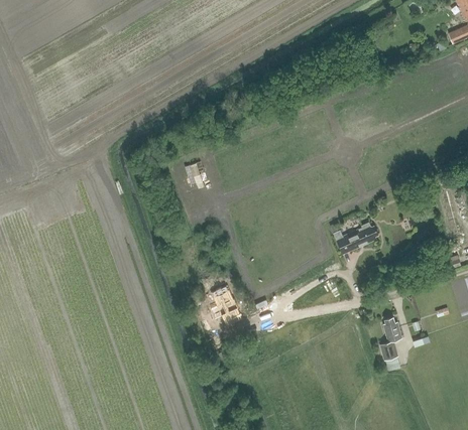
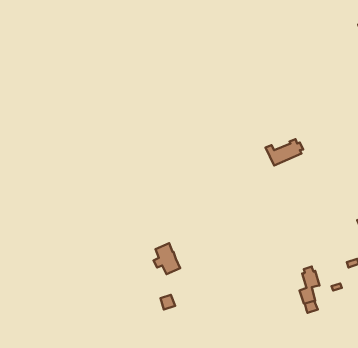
building: [334,223,378,254] -> [266,139,303,166]

